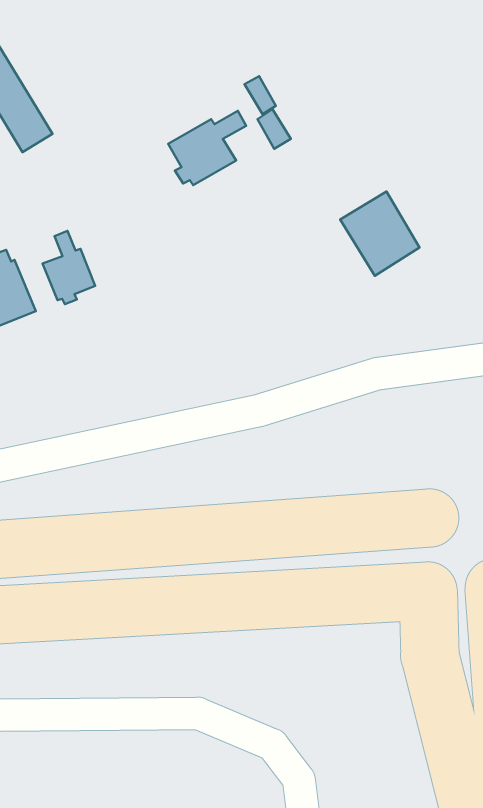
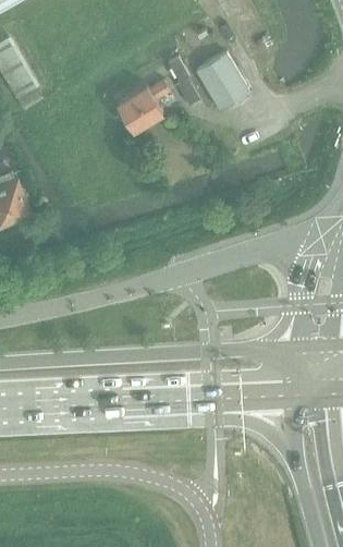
building: [340,191,419,276] -> [195,53,247,109]
building: [43,231,95,304] -> none

